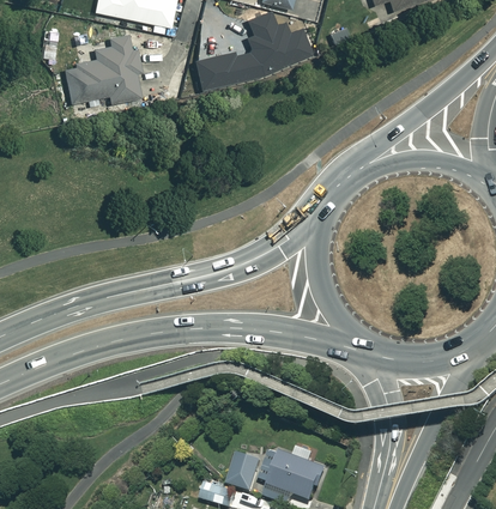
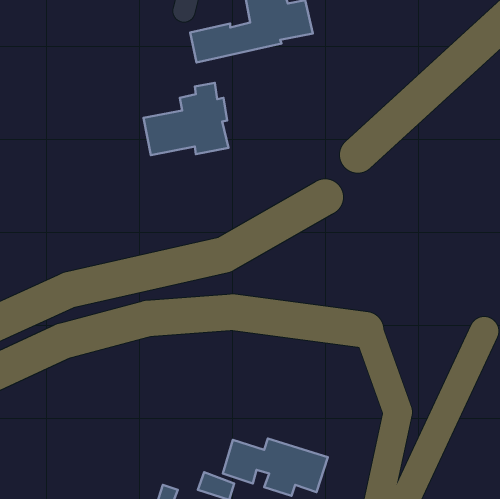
building: [61,35,143,104] -> [143,83,228,155]

